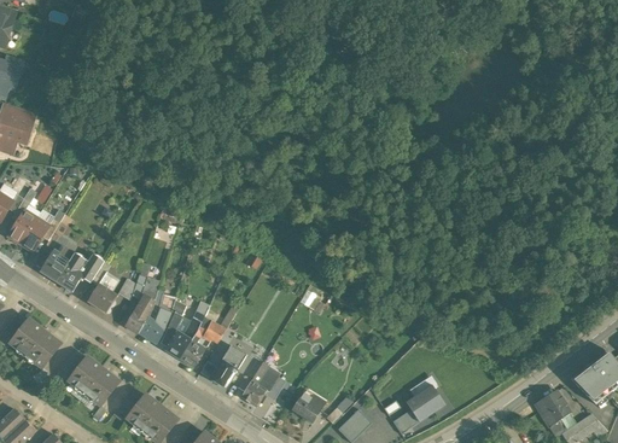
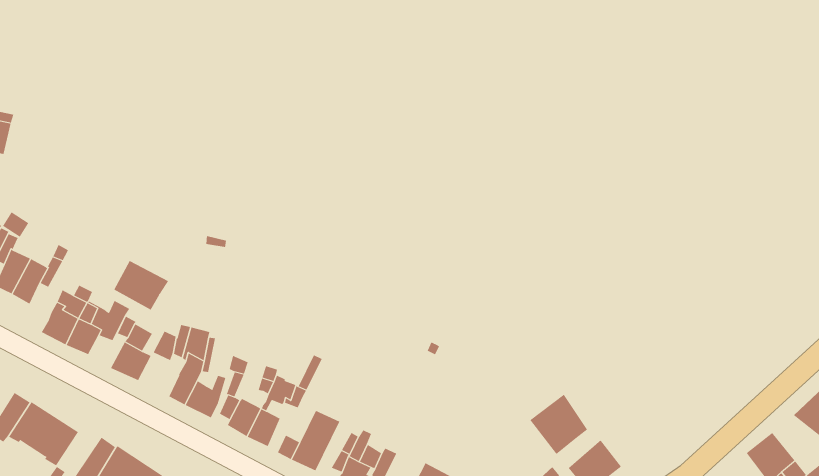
building: none -> [114,260,169,311]
building: none -> [530,394,588,455]

